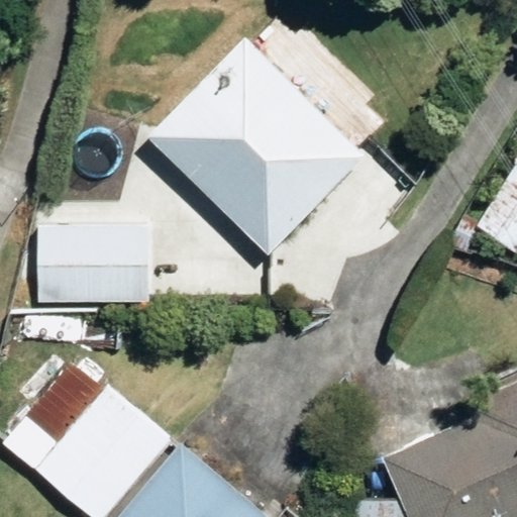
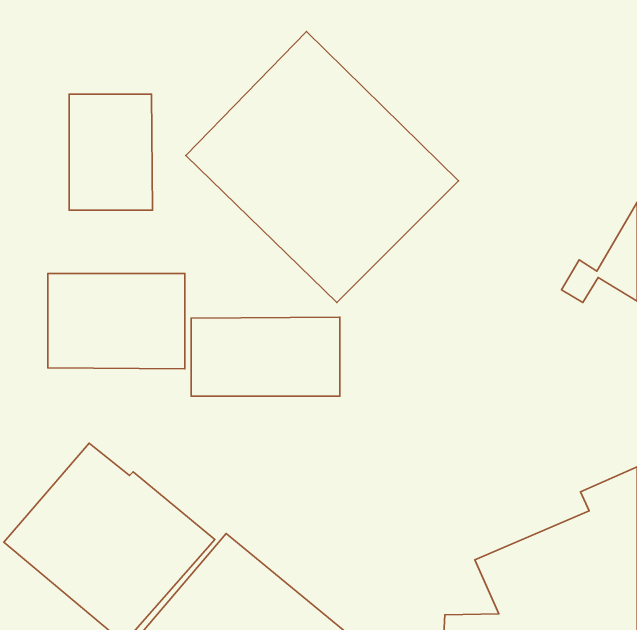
building: none -> [69,94,152,210]
building: none -> [191,317,340,396]

